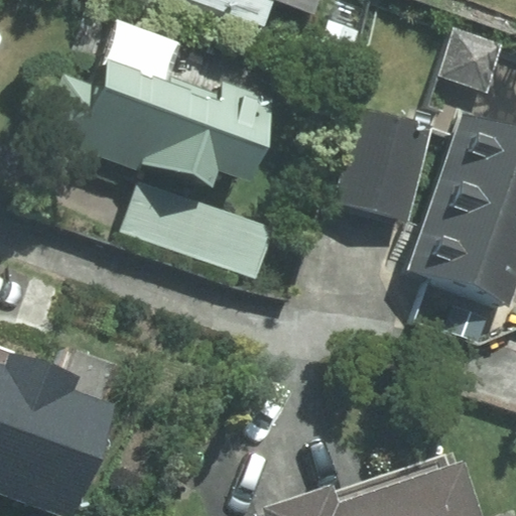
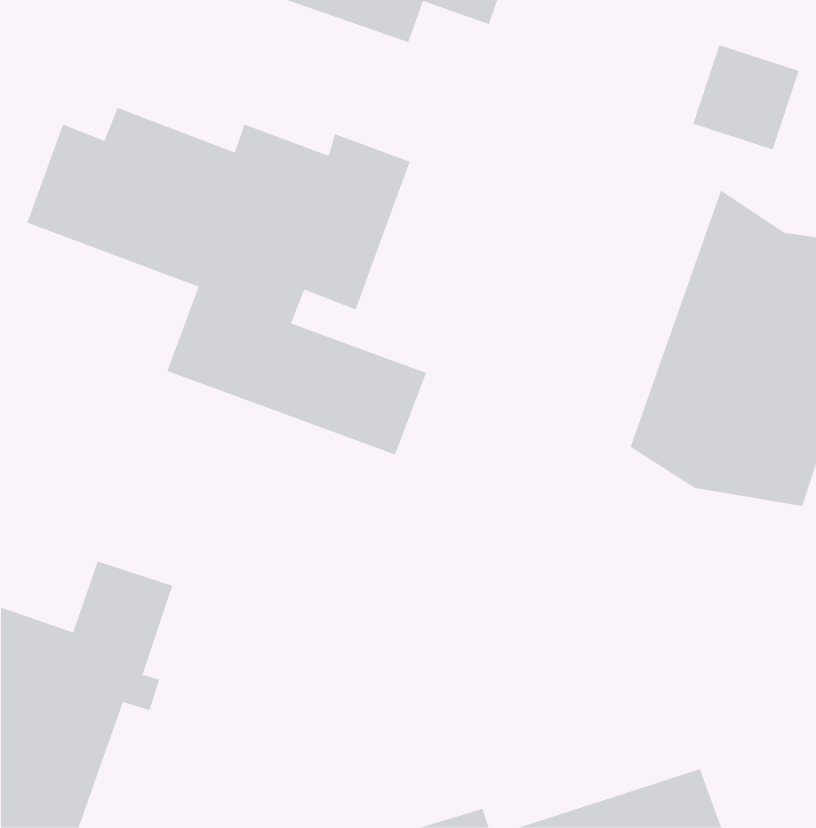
building: [331,107,431,222] -> none

